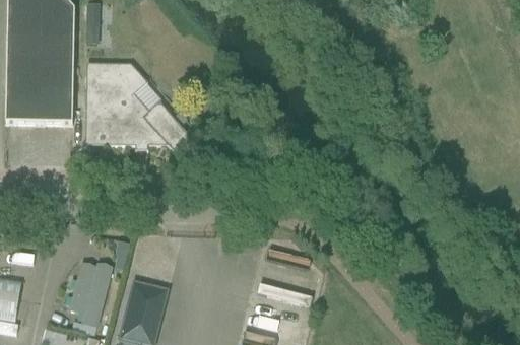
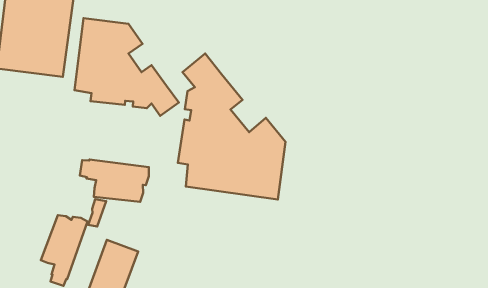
building: none -> [178,53,286,199]
building: none -> [80,159,149,202]

